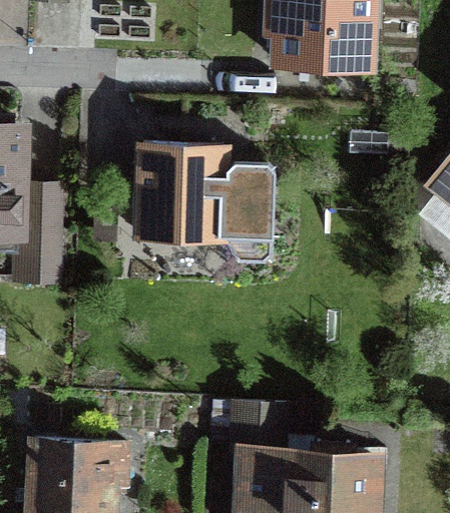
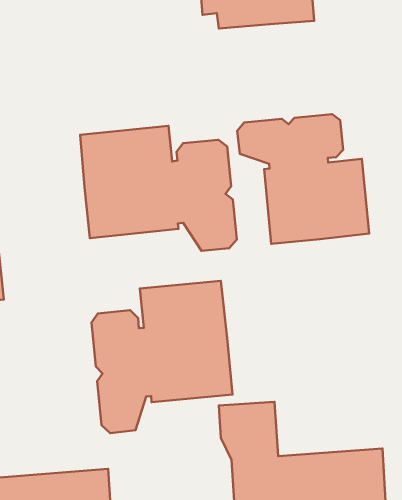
building: none -> [237,114,369,244]
building: none -> [92,281,232,433]

